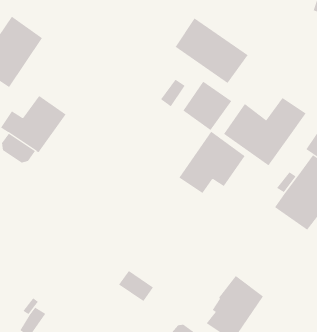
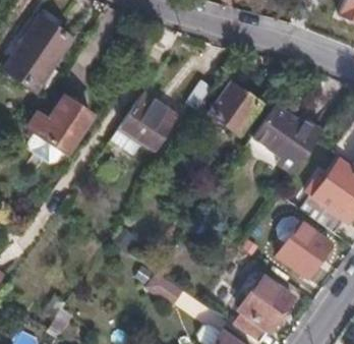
building: [175,18,248,84] -> none
building: [178,131,246,194] -> [111,92,178,155]
building: none -> [279,224,331,276]

